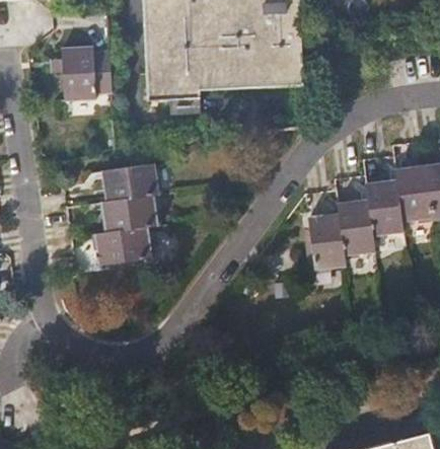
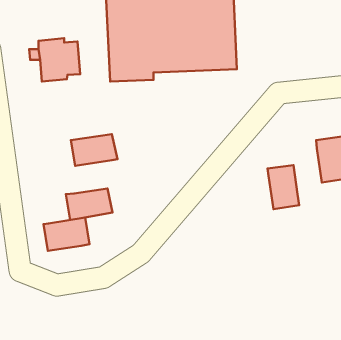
building: [368,181,406,237] -> none
building: [98,196,154,236] -> [44,218,89,251]
building: [310,215,347,271] -> none

